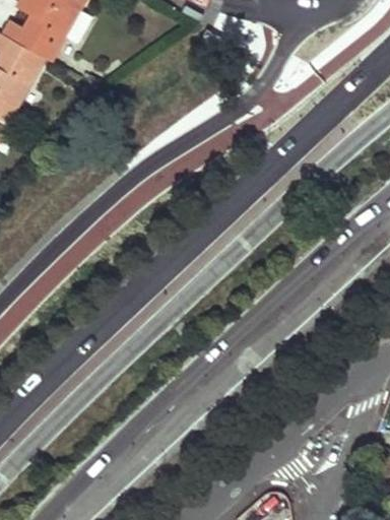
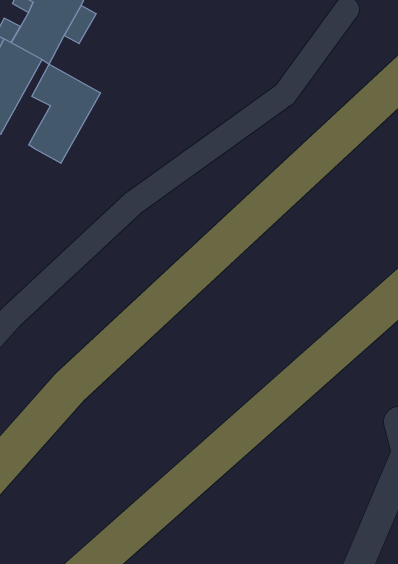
building: none -> [29,64,100,163]

